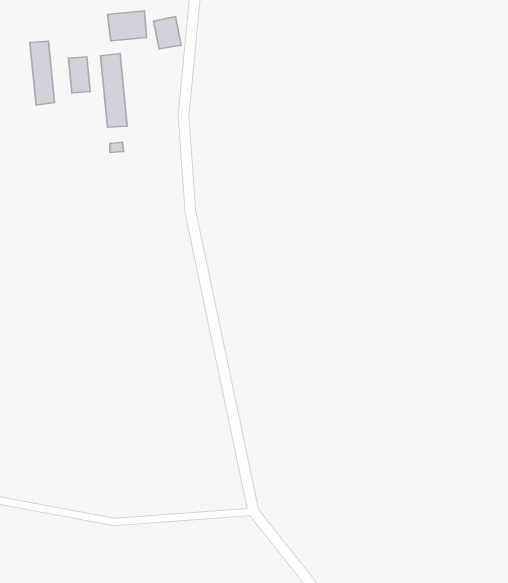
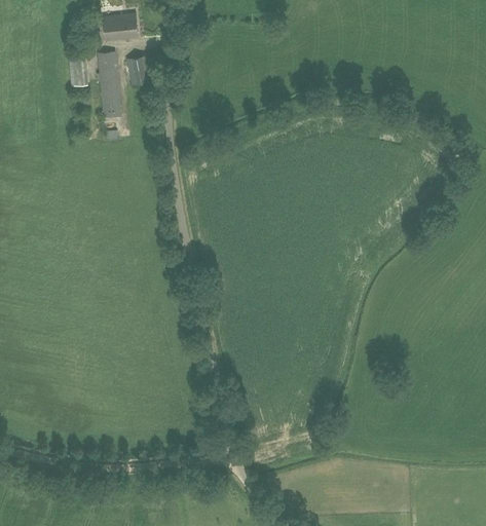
building: [154,16,181,49] -> [126,55,151,84]
building: [30,41,55,105] -> none

